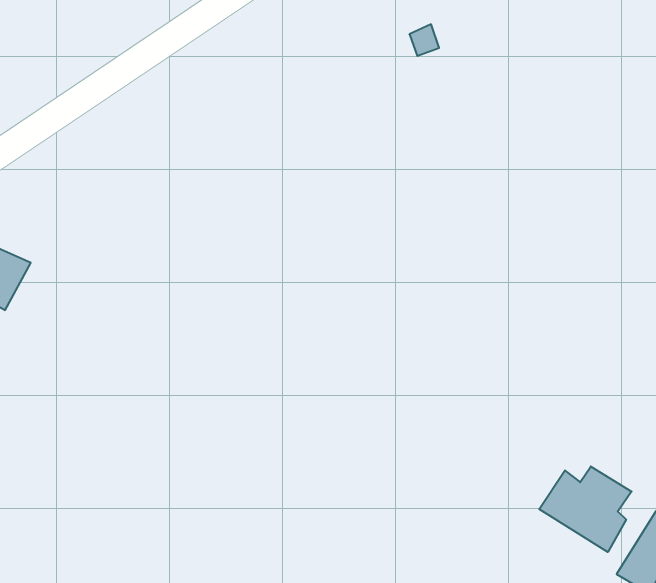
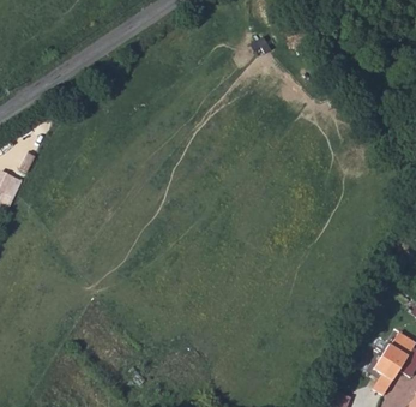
building: [539,466,632,552] -> none

